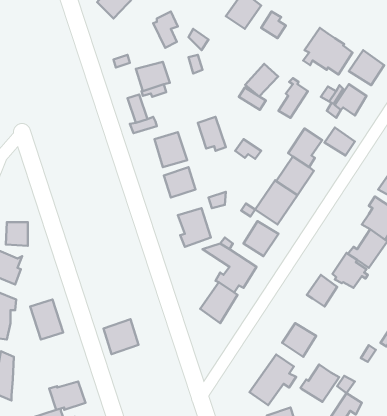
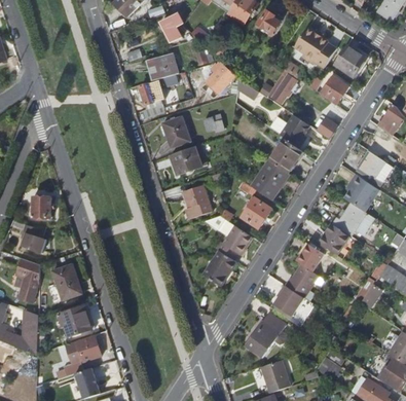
building: [245,64,278,96] -> [205,67,233,96]
building: [103,319,139,354] -> [61,306,91,337]
building: [300,364,339,402] -> [284,264,318,297]

